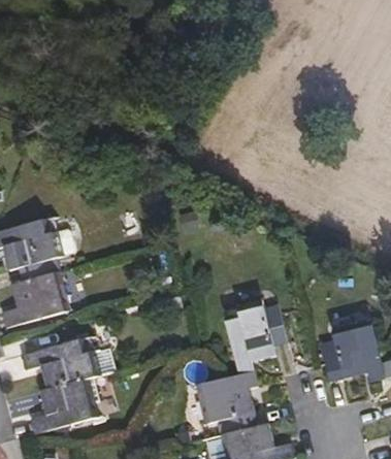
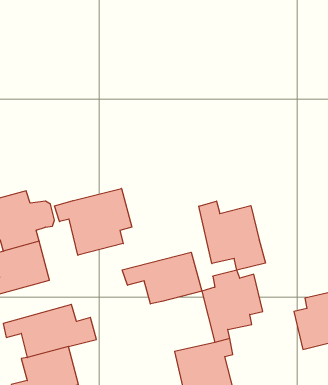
building: none -> [55,188,132,255]
building: none -> [199,201,265,270]
building: none -> [122,252,202,304]

